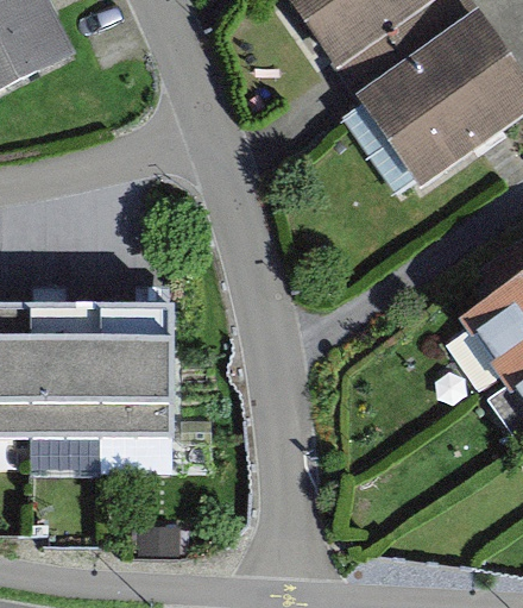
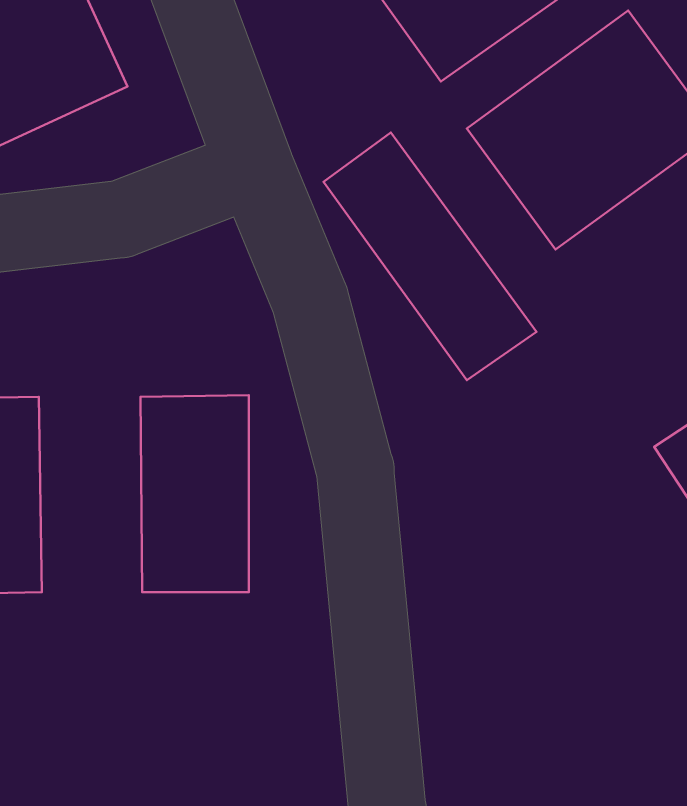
building: none -> [324,133,536,380]
building: [32,297,108,441] -> none

